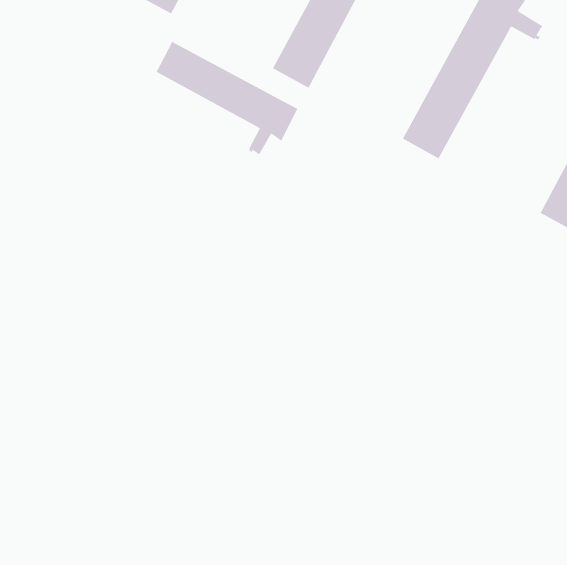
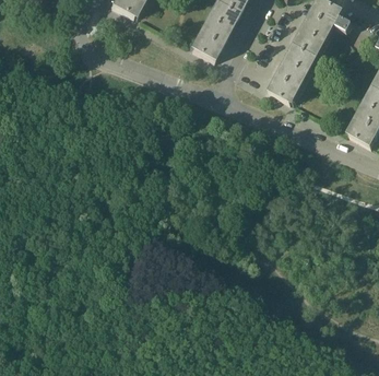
building: [155,41,299,155] -> none

